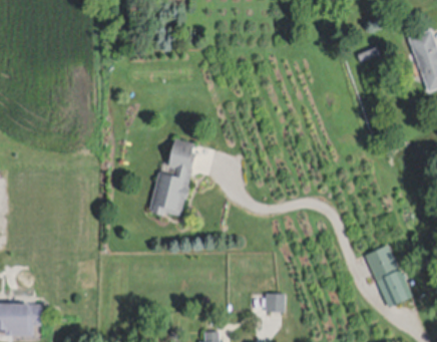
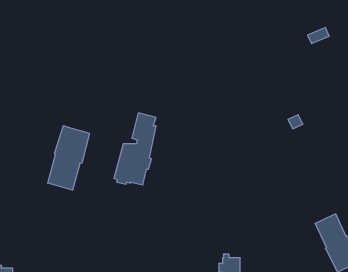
building: none -> [48,126,90,190]

